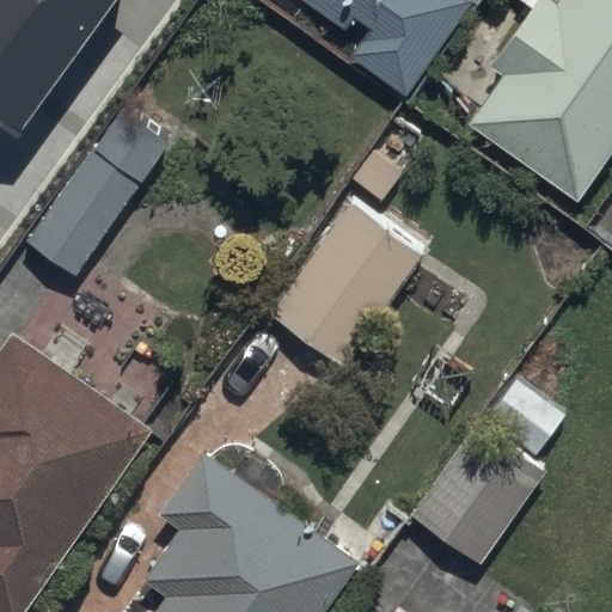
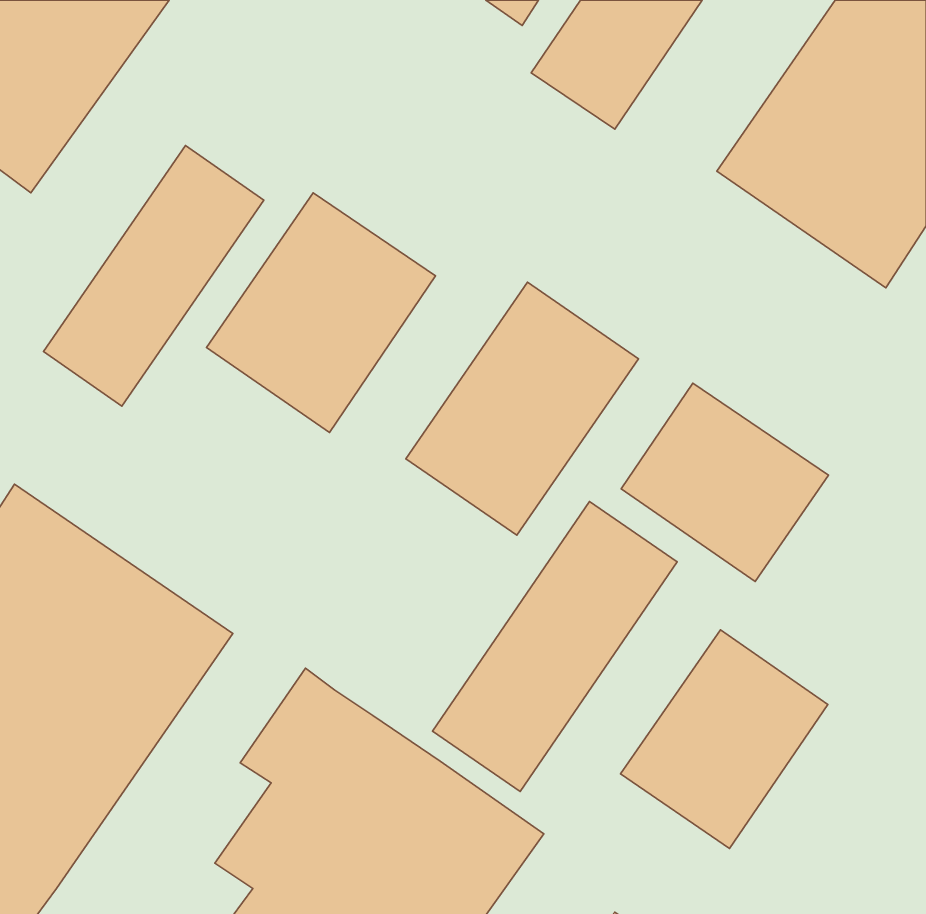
building: none -> [206,193,435,433]
building: none -> [621,383,828,582]
building: none -> [433,501,677,792]

